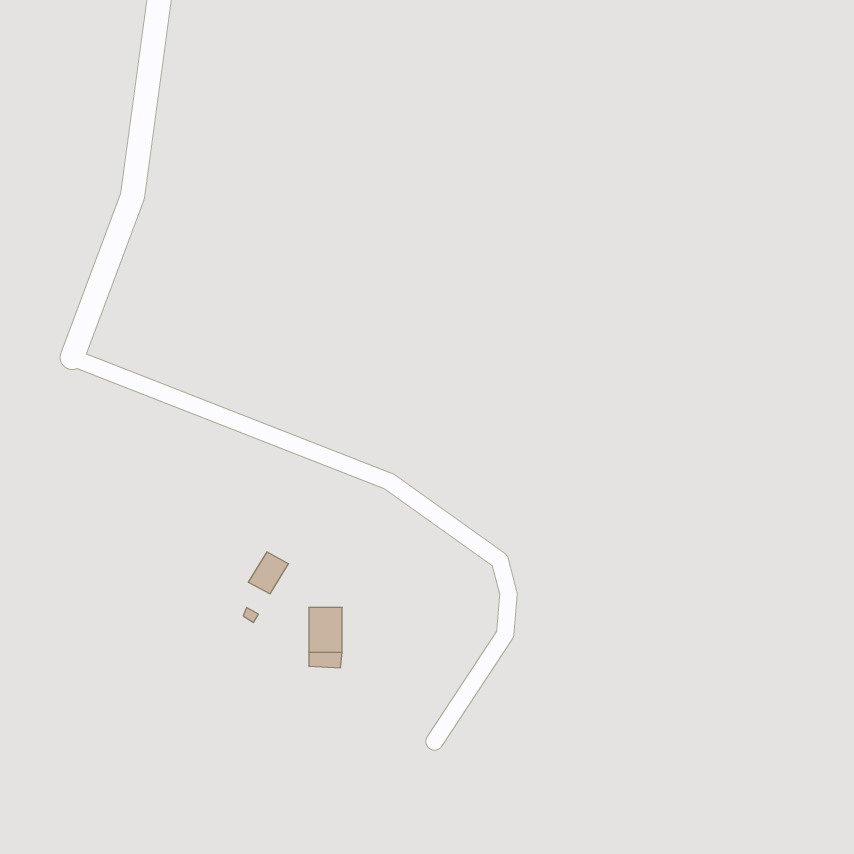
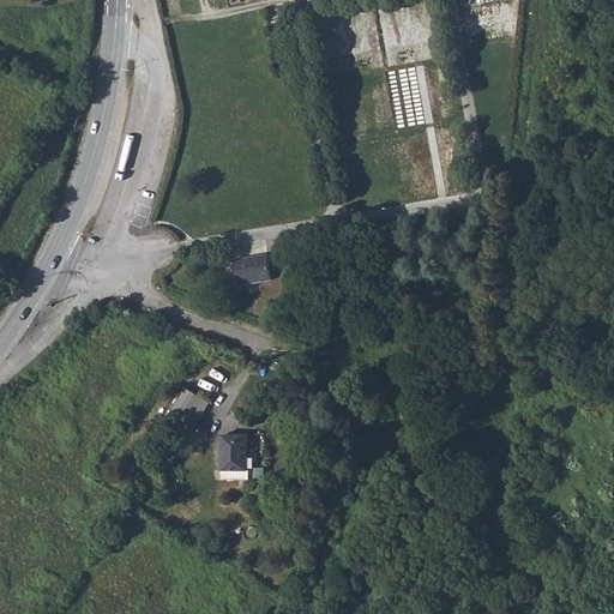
building: none -> [231,252,269,283]

